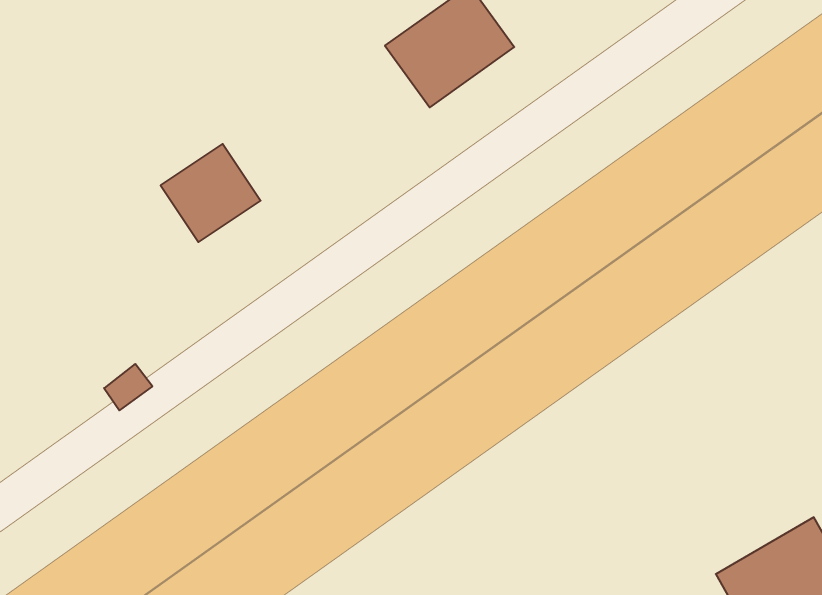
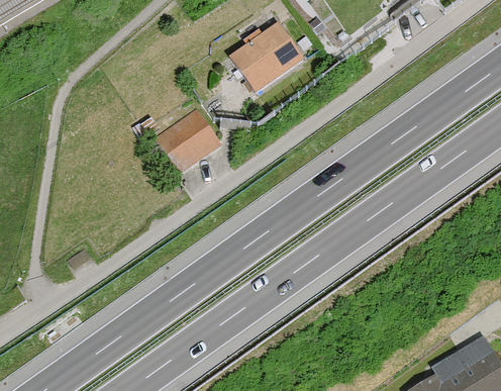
building: [161,144,261,242] -> [158,111,216,169]

